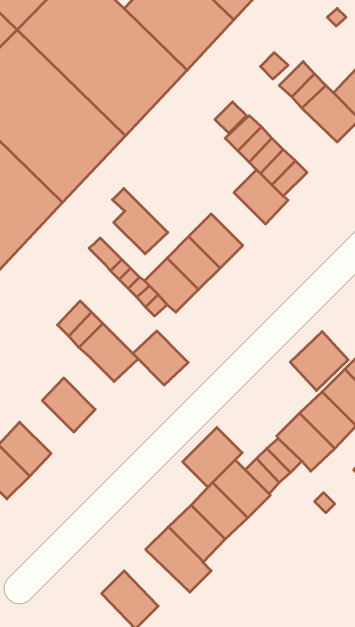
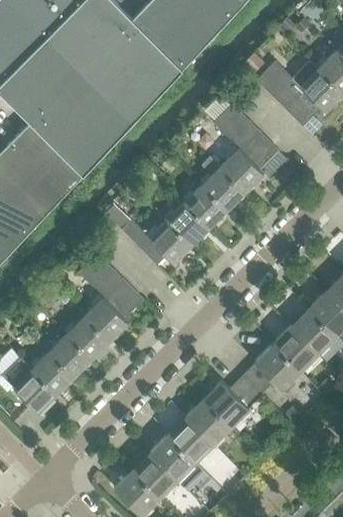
building: [112,188,168,254] -> [201,158,245,210]
building: [133,331,188,385] -> [84,298,128,341]
building: [290,331,348,391] -> none
building: none -> [48,334,92,377]
building: [183,427,242,487] -> none
building: none -> [132,453,178,499]

